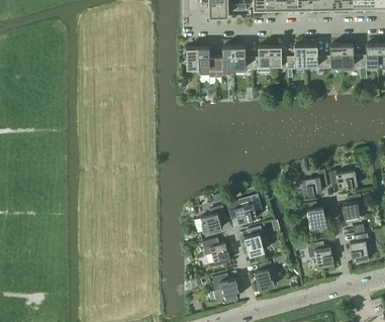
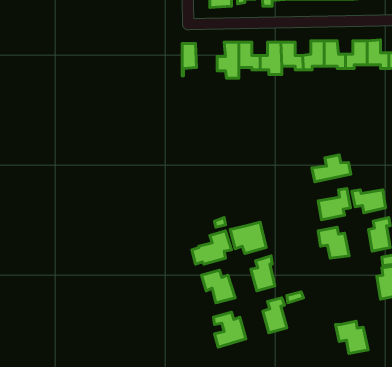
building: [197,46,216,77] -> none
building: none -> [312,155,351,182]
building: [306,240,333,267] -> [336,321,368,353]

